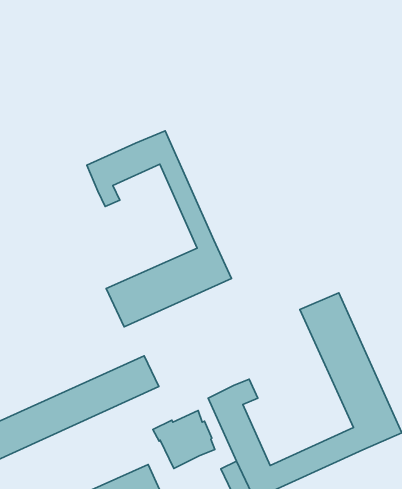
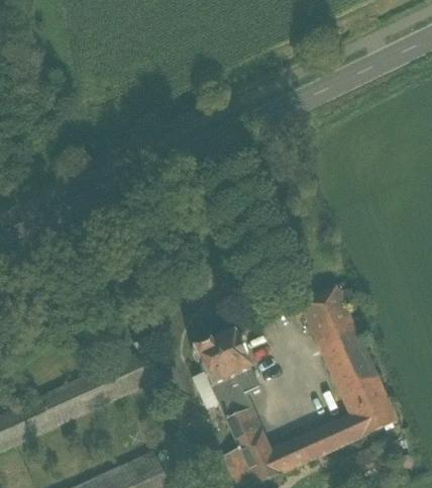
building: [87,131,232,327] -> none
building: [153,411,215,469] -> [191,331,250,387]

